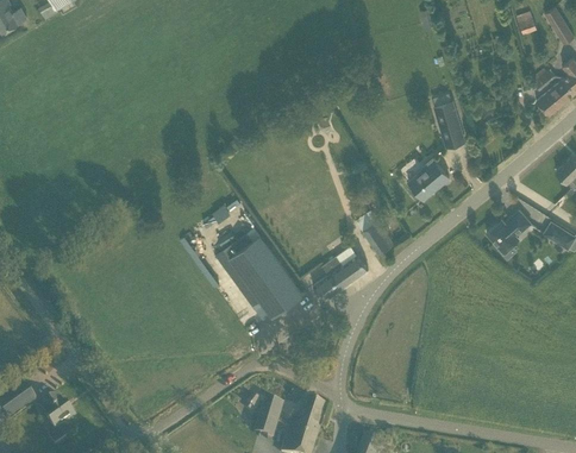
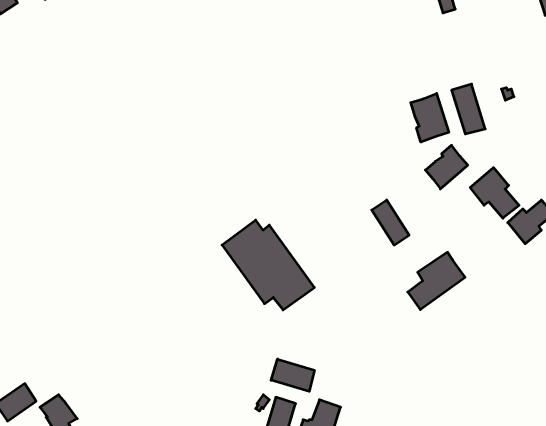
building: none -> [411,93,449,142]
building: none -> [470,168,519,218]
building: [313,244,368,298] -> [408,252,465,310]
building: none -> [271,359,314,391]

